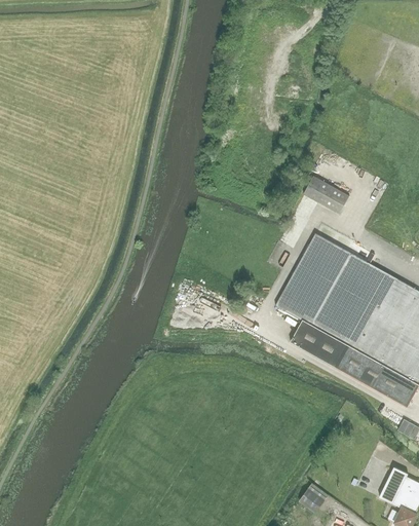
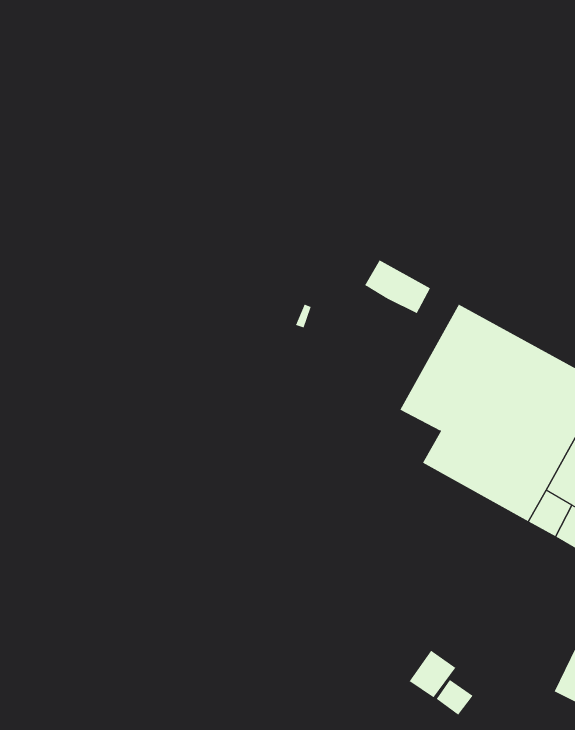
building: [303,176,348,213] -> [364,259,431,314]
building: none -> [409,650,456,698]

